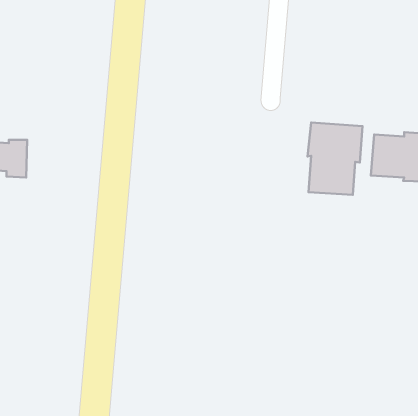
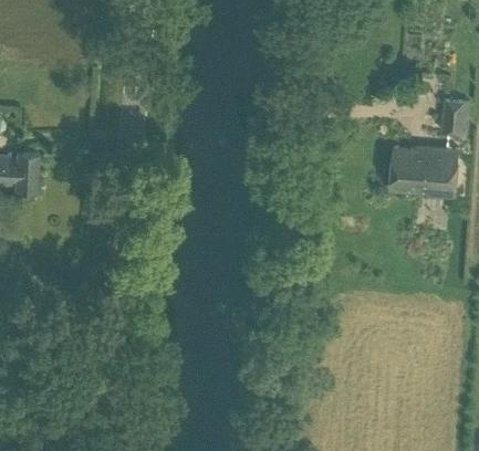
building: [308,123,362,195] -> none

